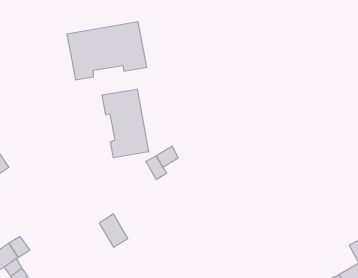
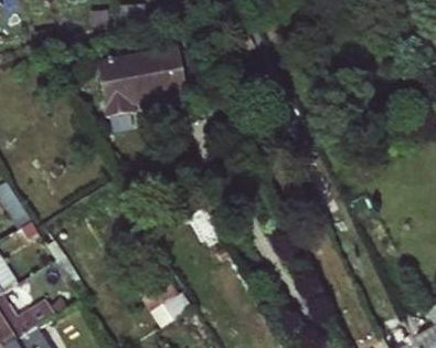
building: [102,89,149,158] -> none

